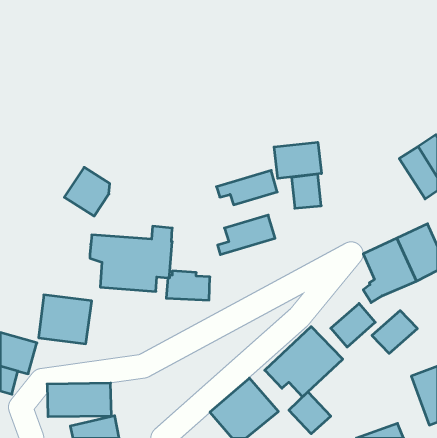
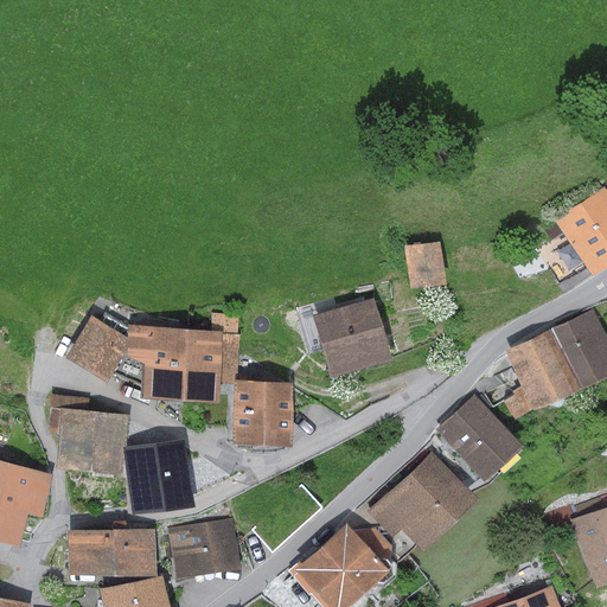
building: [274,142,321,178] -> none
building: [64,167,110,216] -> [64,315,127,383]
building: [216,170,277,205] -> [306,330,390,377]
building: none -> [230,413,290,446]
building: [372,311,417,353] -> [435,395,498,454]
building: none -> [123,440,192,513]
building: none -> [168,519,241,580]
building: [289,392,331,434] -> none

